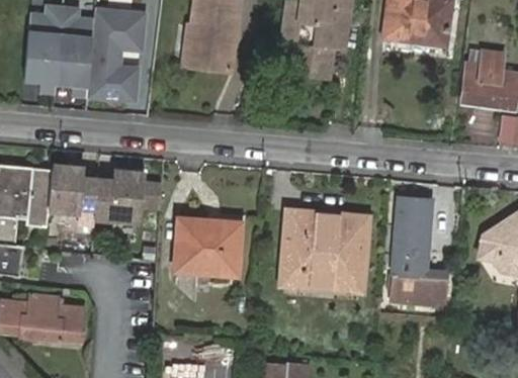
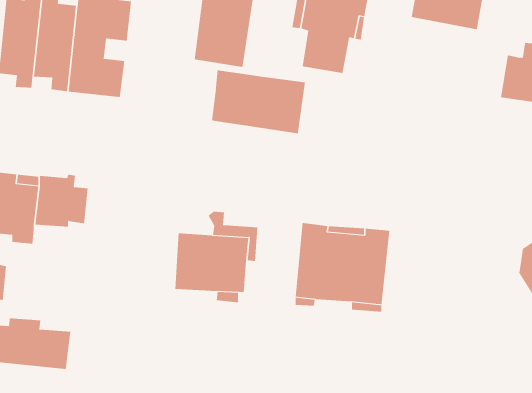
building: none -> [211,70,306,134]
building: [96,171,160,223] -> none
building: [391,196,448,306] -> none

